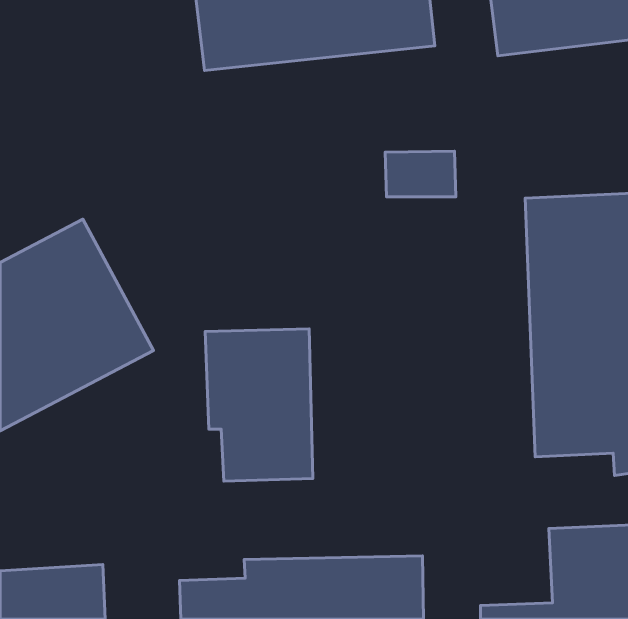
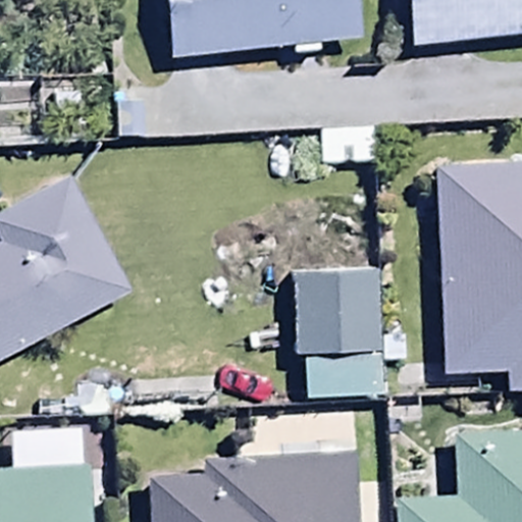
building: [205,329,313,481] -> [294,272,382,398]

